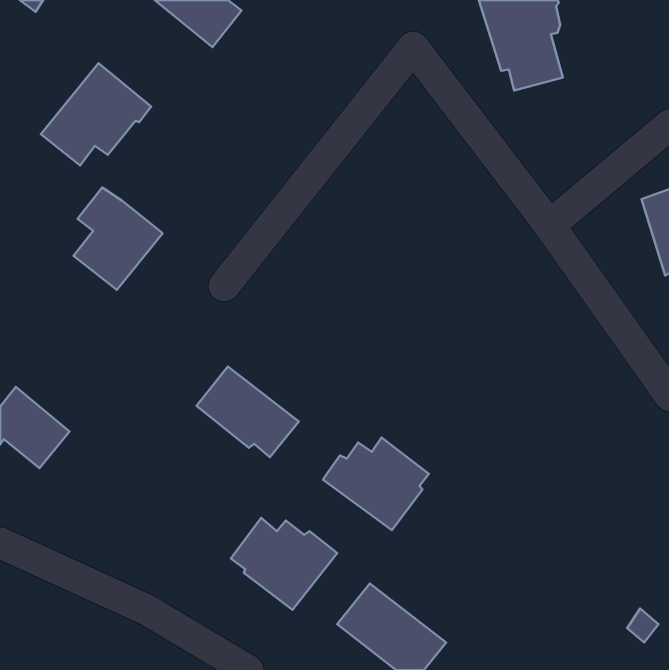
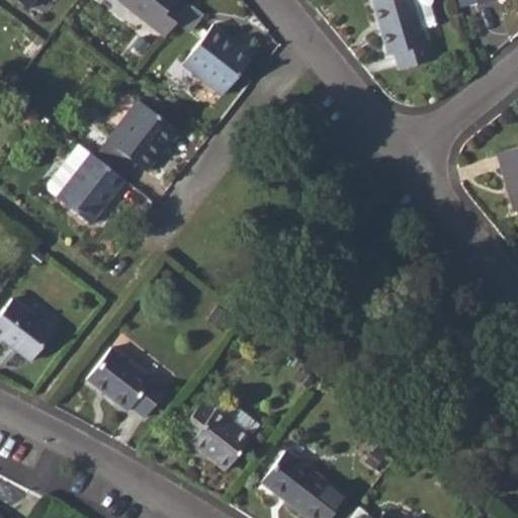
building: none -> [183,23,255,95]
building: [41,63,151,165] -> [95,100,180,179]
building: [196,367,299,457] -> [88,348,167,418]
building: [323,438,429,530] -> none

